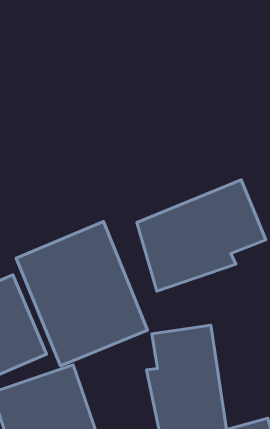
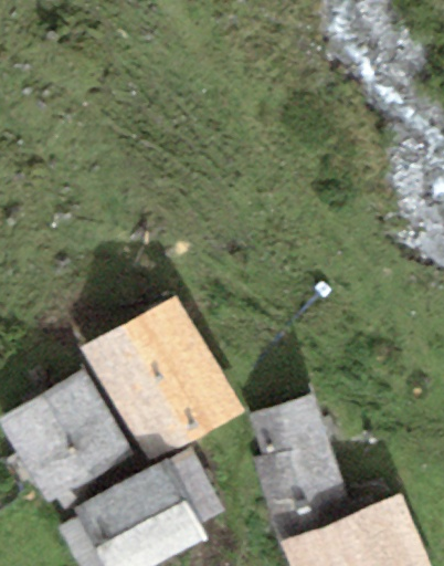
building: [137,180,266,291] -> none

